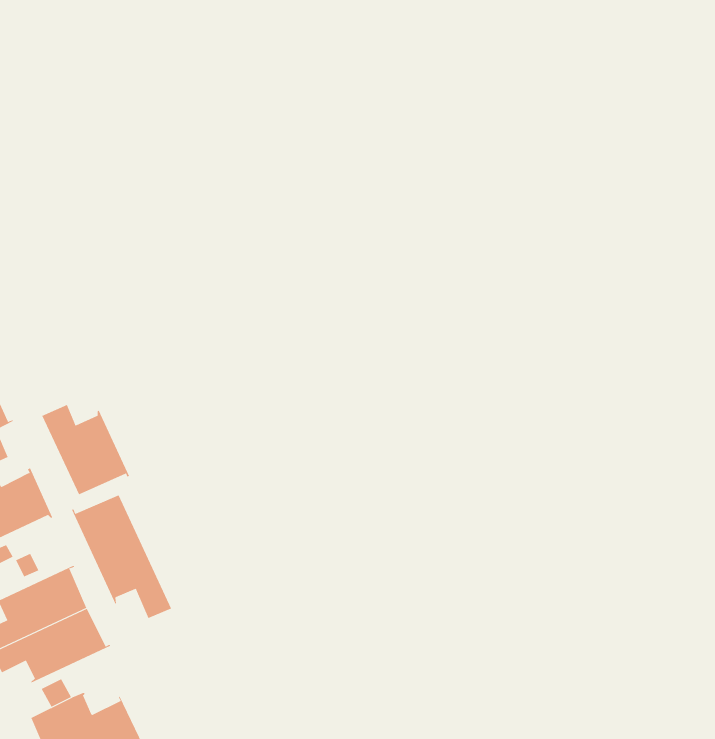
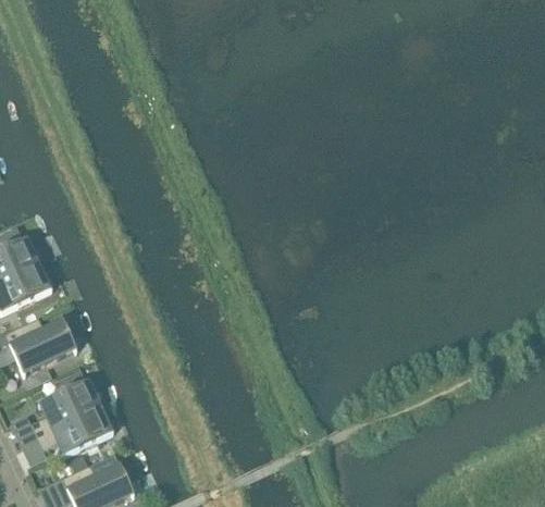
building: [42,404,130,495] -> none
building: [71,495,172,619] -> none

